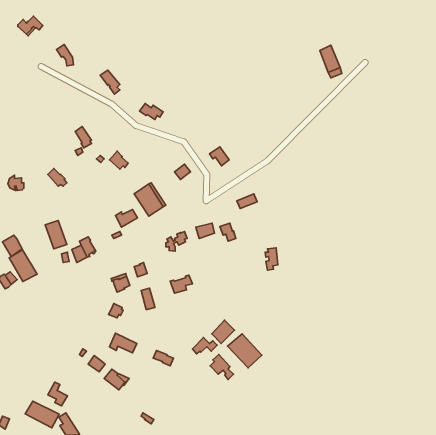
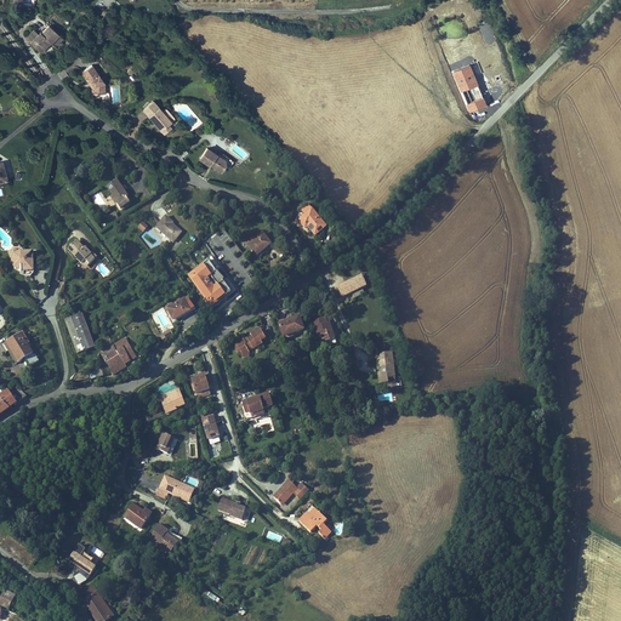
building: [9,250,37,282] -> none
building: [212,320,235,343] -> none
building: [228,334,262,368] -> none
building: [25,401,59,428] -> none

